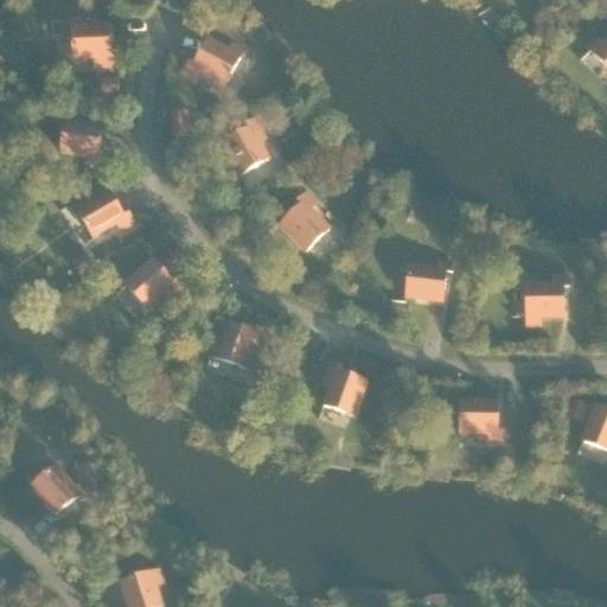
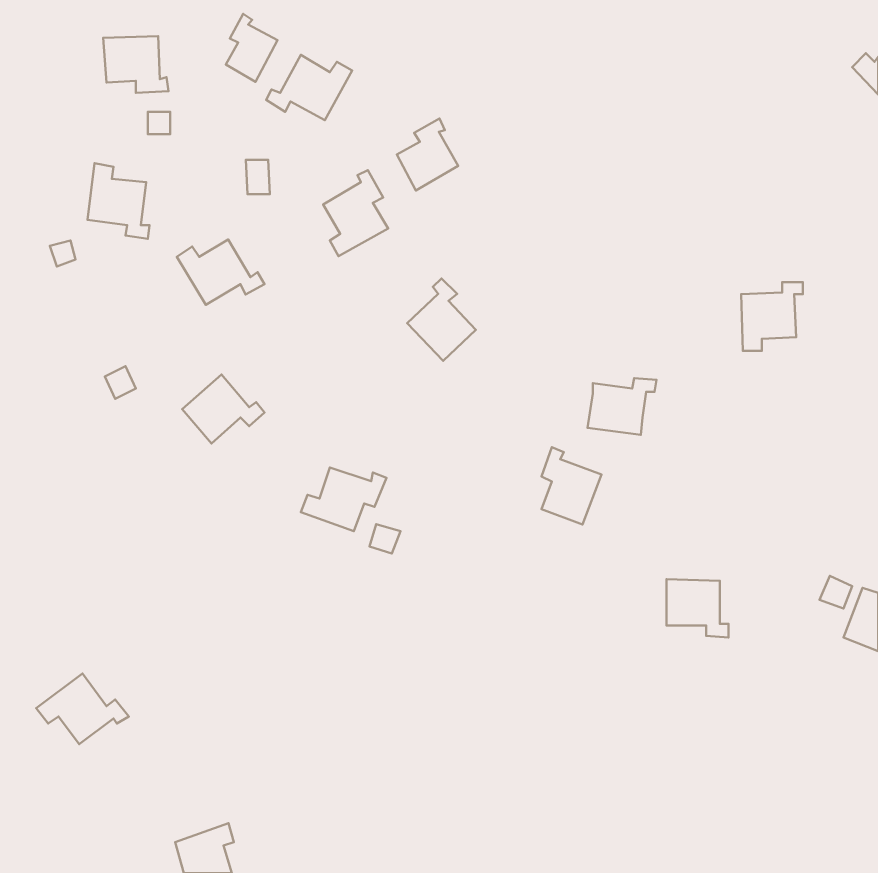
building: none -> [226,14,277,82]
building: none -> [397,119,458,191]
building: [72,190,133,235] -> [177,240,264,305]
building: [525,276,568,324] -> [741,282,803,351]
building: [324,362,365,415] -> [541,447,602,524]

